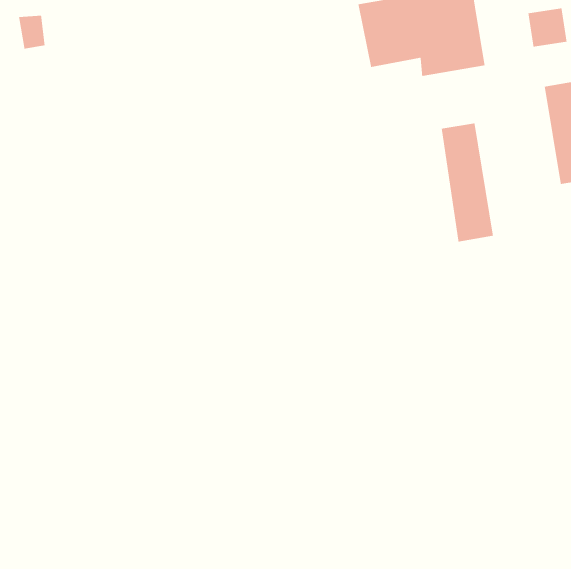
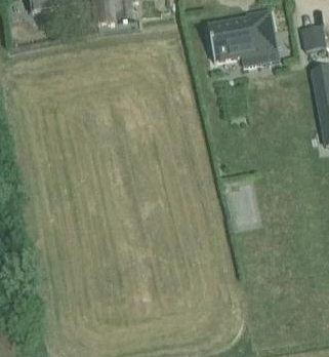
building: [441,123,494,242] -> none

